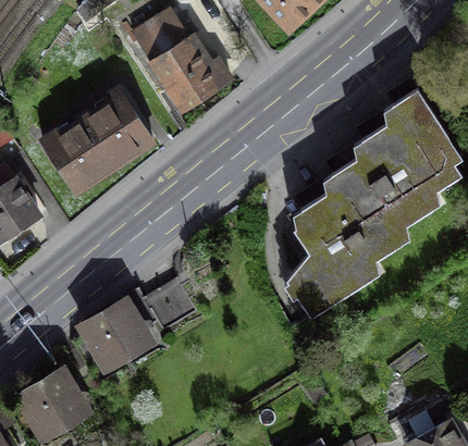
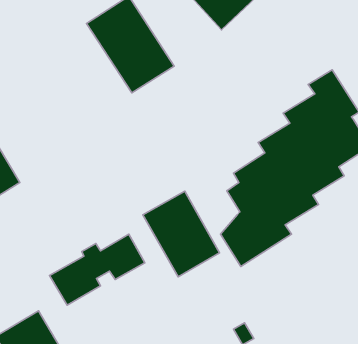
building: [34,89,151,195] -> none
building: none -> [143,191,220,277]

